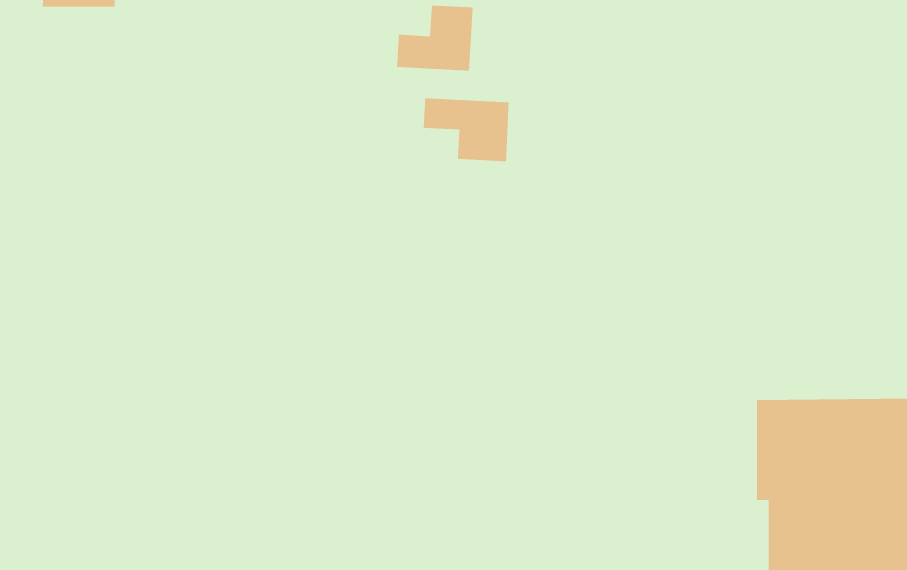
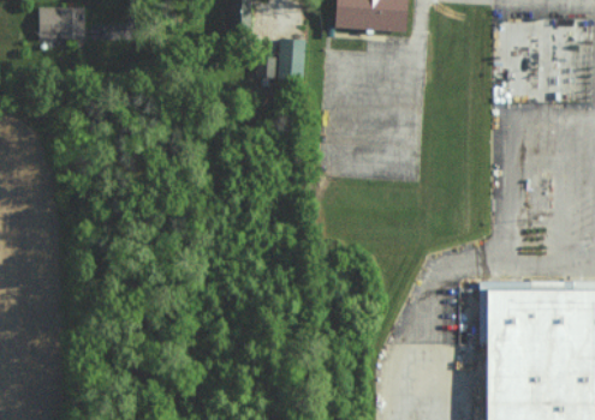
building: [423,97,509,162] -> none

